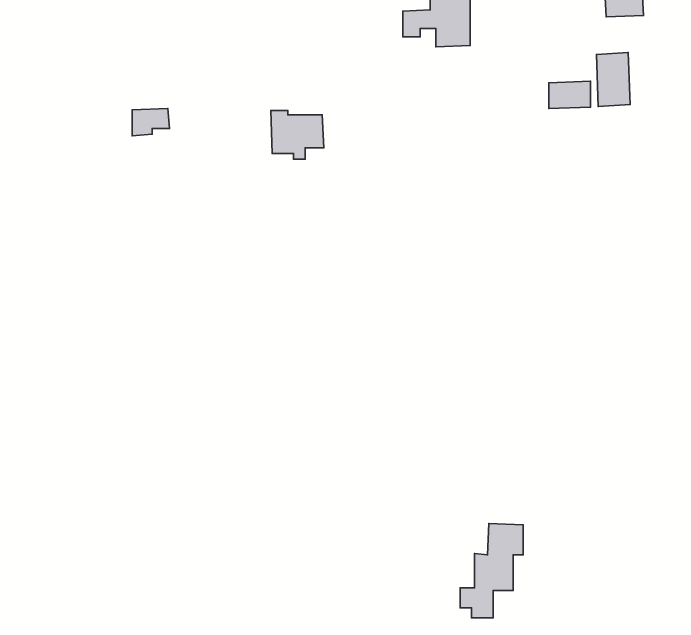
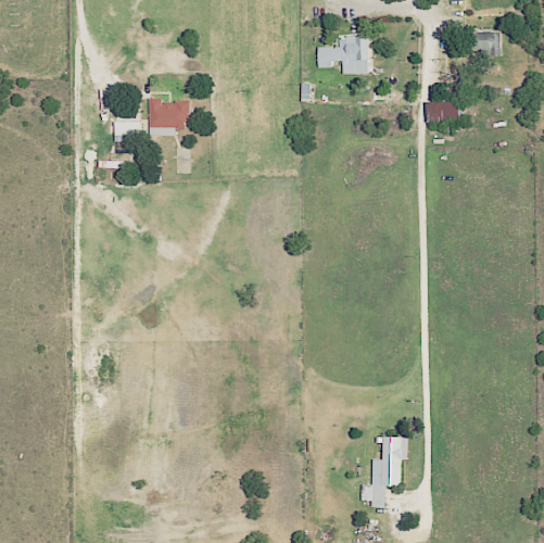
building: [596,52,630,107] -> none
building: [271,110,324,159] -> [148,98,188,135]

